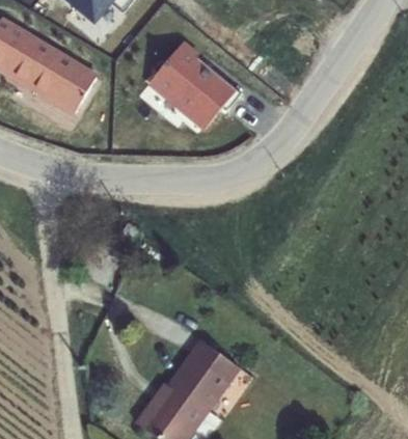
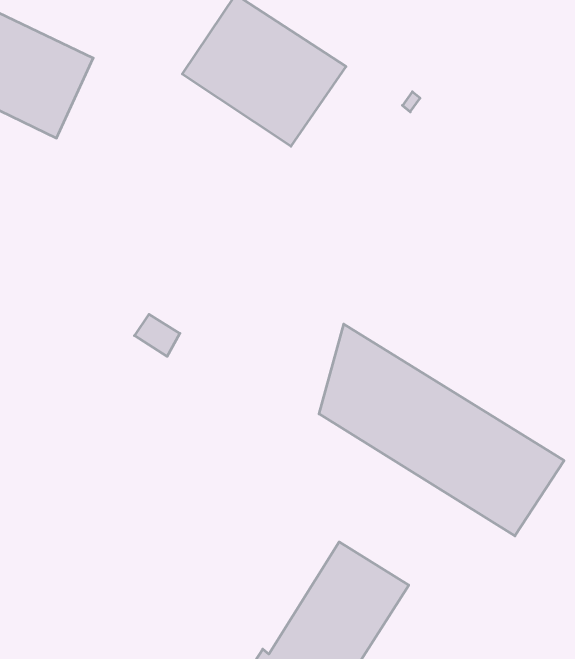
building: none -> [319,324,564,536]

